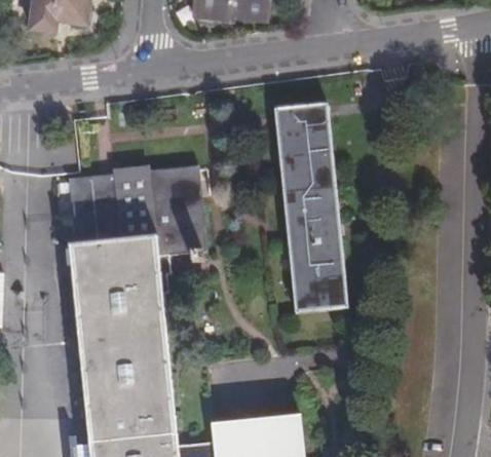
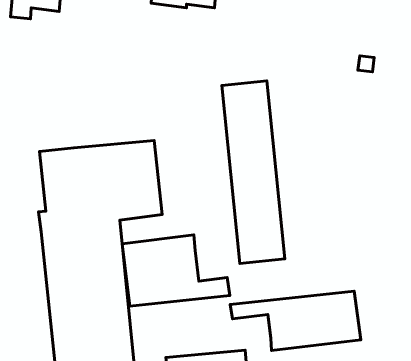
building: none -> [122,235,230,306]
building: none -> [230,291,361,350]

